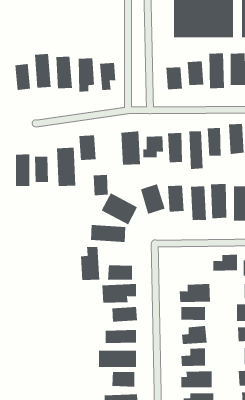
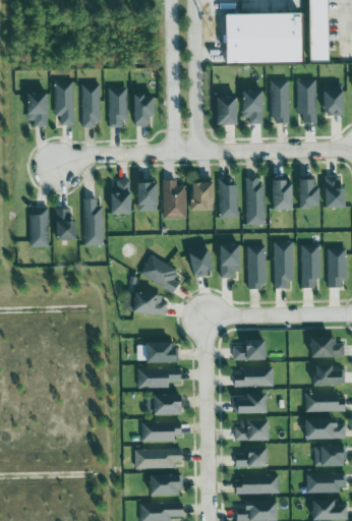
building: [93,174,109,196] -> [138,183,158,210]
building: [81,246,100,281] -> none
building: [212,254,238,271] -> [235,339,267,360]

